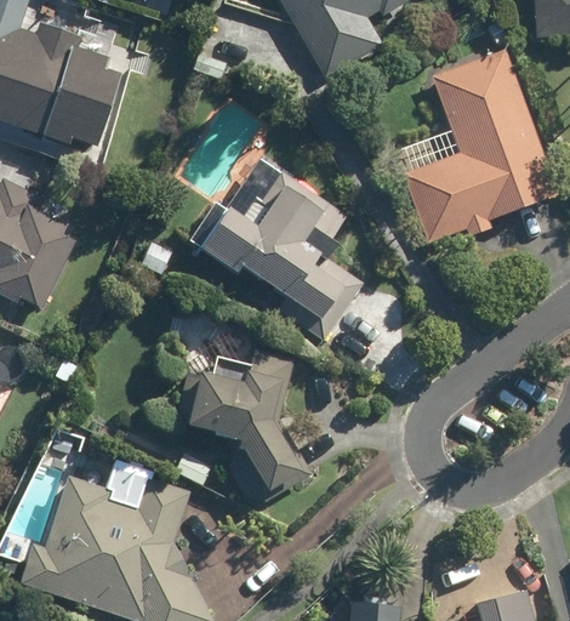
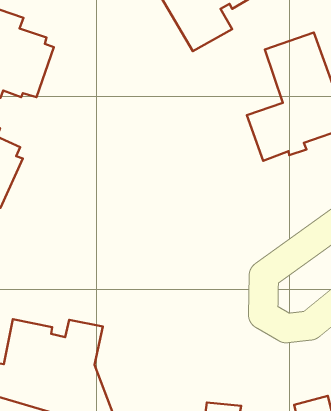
building: [184,154,363,338] -> none
building: [178,351,310,496] -> none

